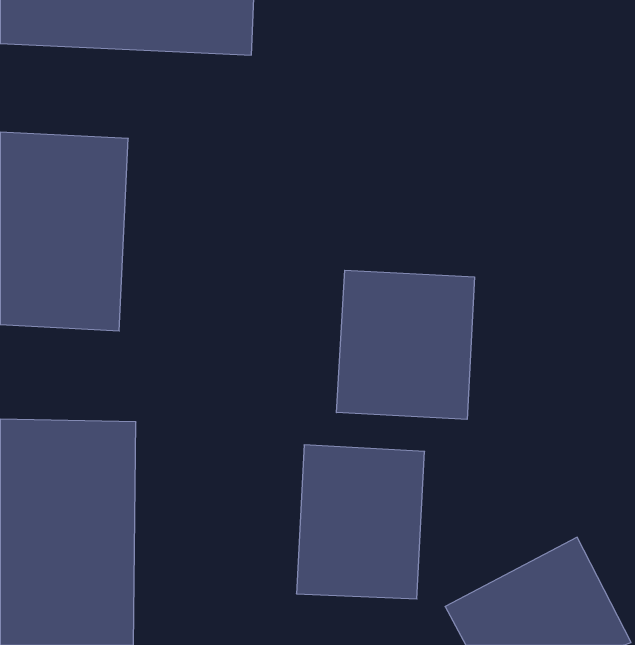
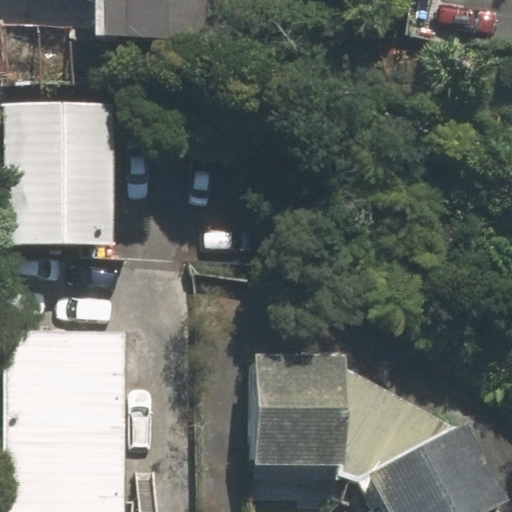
building: [336,270,474,419] -> none

